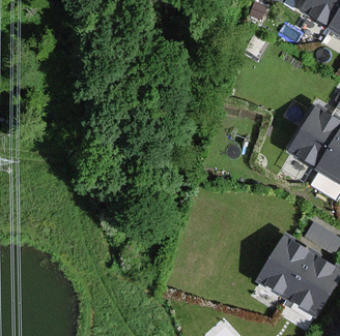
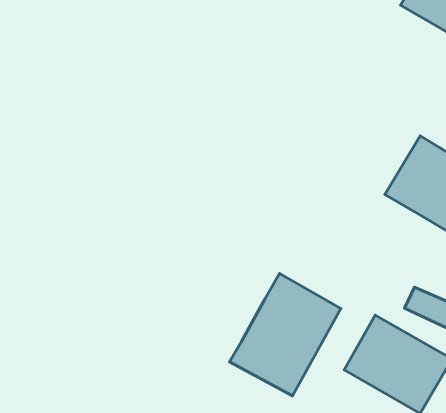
building: none -> [230,274,341,396]

